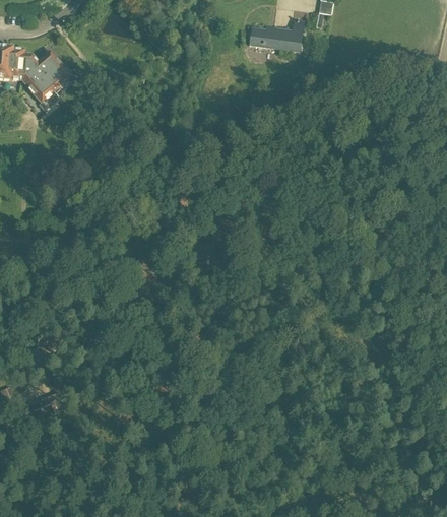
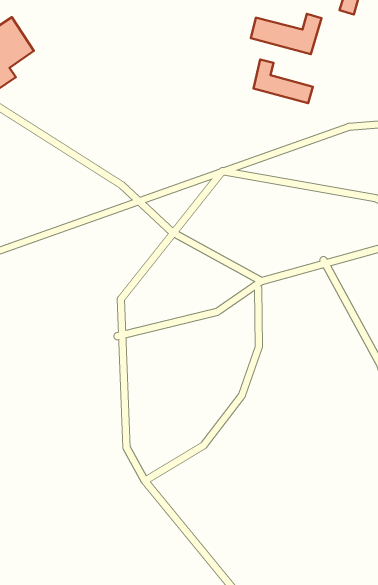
building: none -> [254,60,313,103]

